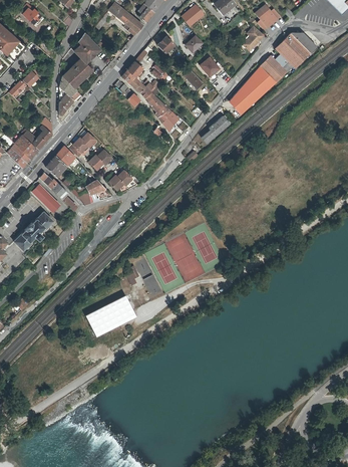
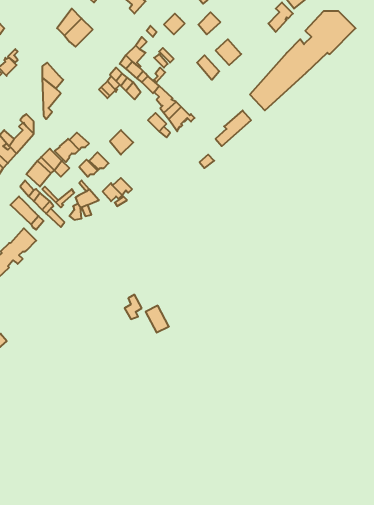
building: [62,58,92,86] -> none
building: [85,294,136,335] -> none

